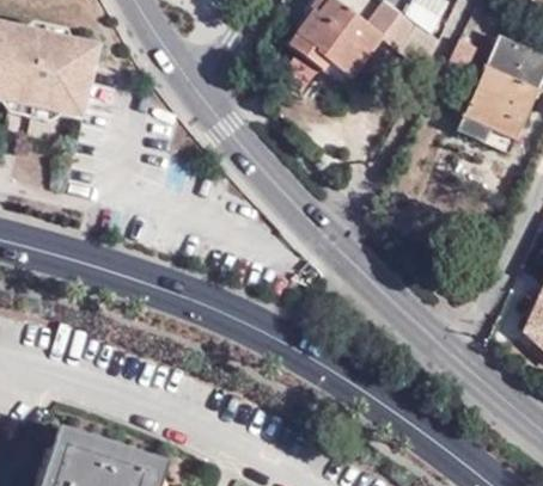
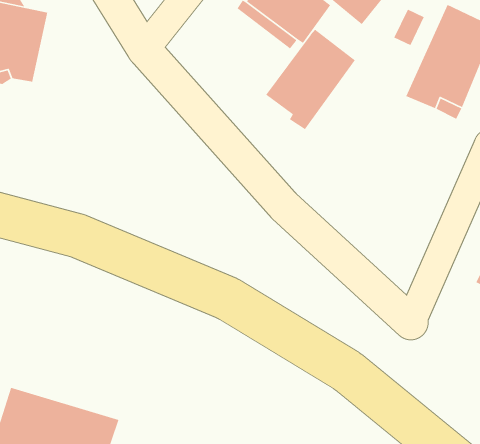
building: none -> [265,29,356,130]

